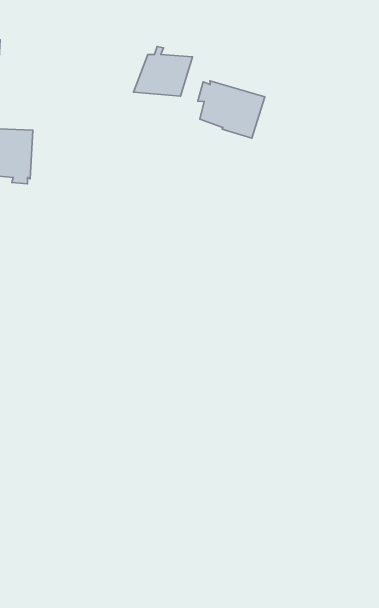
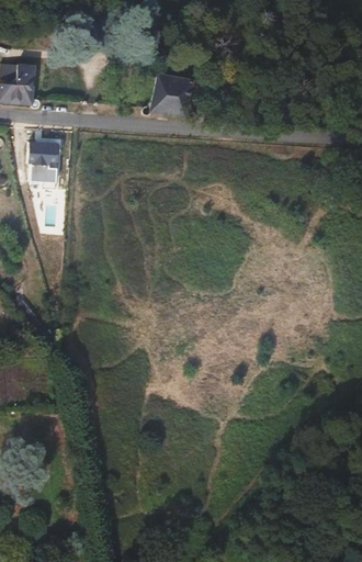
building: [198,81,265,138] -> none

